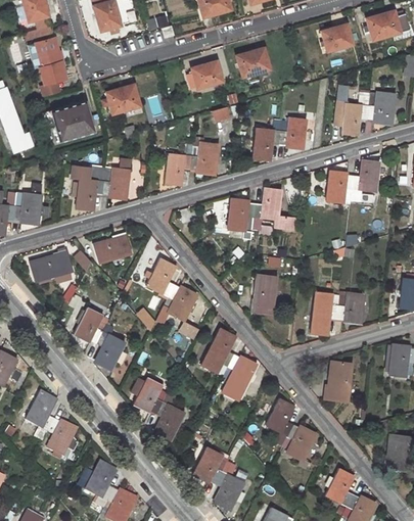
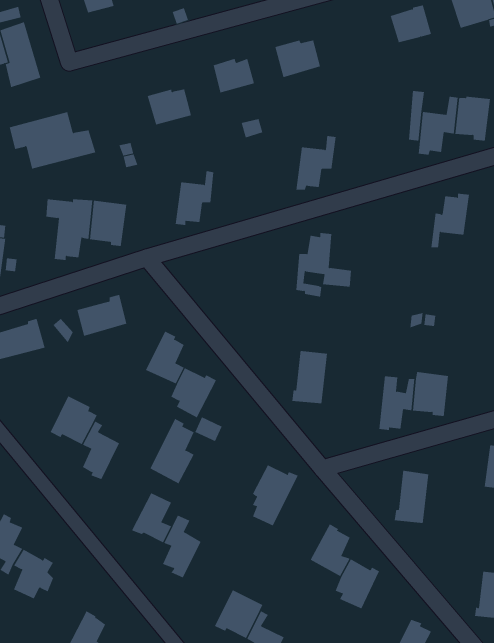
building: [107,87,140,113] -> [147,89,192,125]
building: [279,114,305,147] -> none
building: [191,140,219,173] -> none
building: [326,171,354,204] -> none
building: [227,200,255,232] -> none
building: [199,331,232,379] -> [149,418,194,484]

